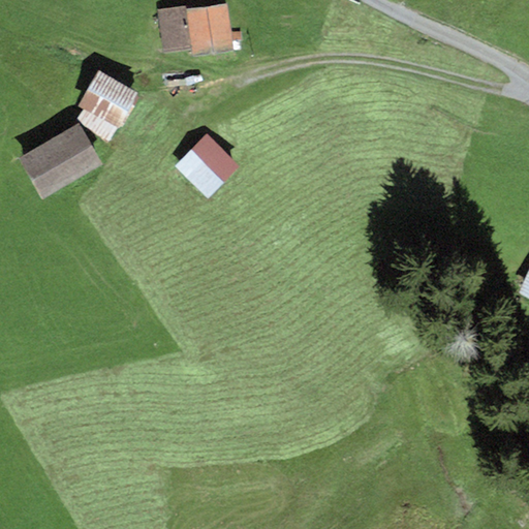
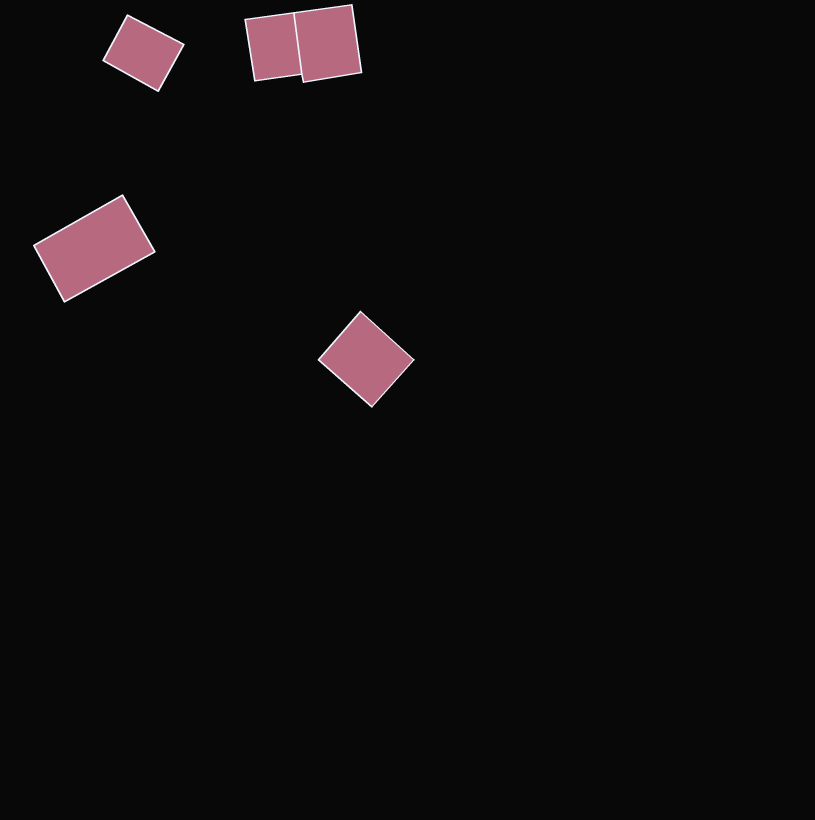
building: [83,77,134,126] -> [103,15,184,91]
building: [175,134,236,195] -> [318,312,414,407]

